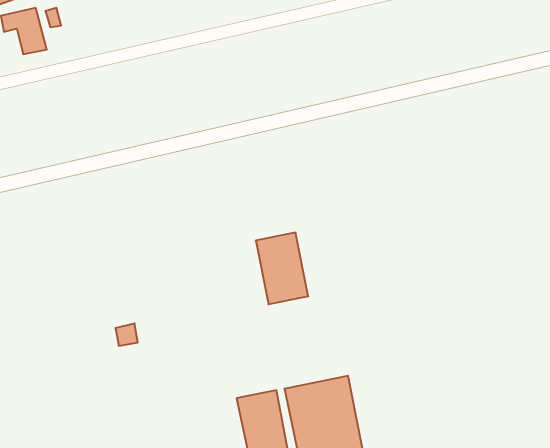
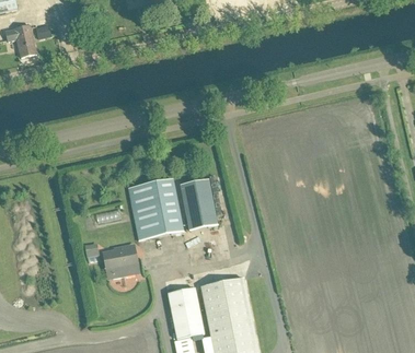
building: none -> [129,179,183,239]
building: none -> [107,245,136,278]

